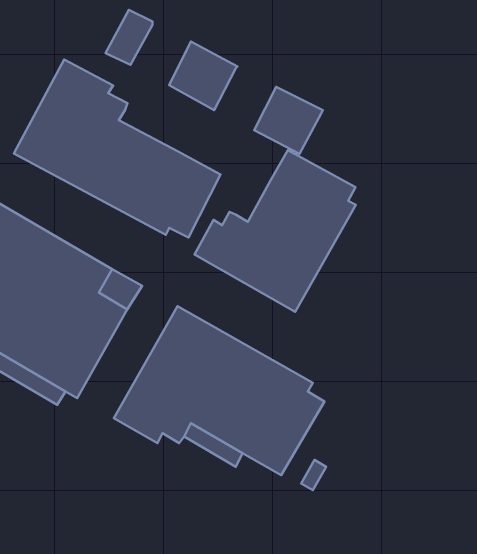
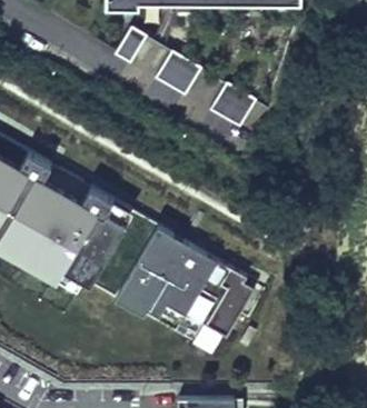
building: [14,59,220,238] -> none
building: [194,150,356,312] -> none

